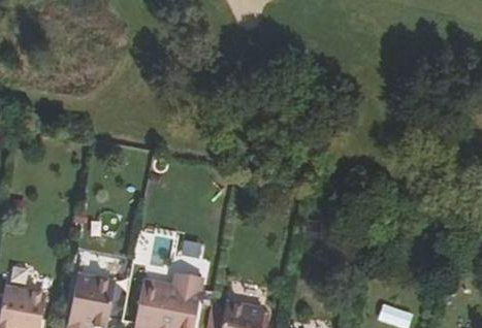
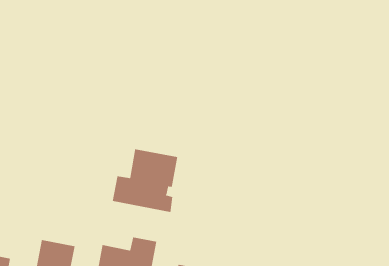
building: none -> [112,148,178,213]

